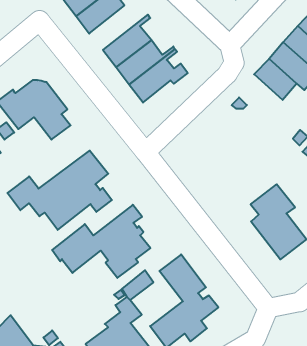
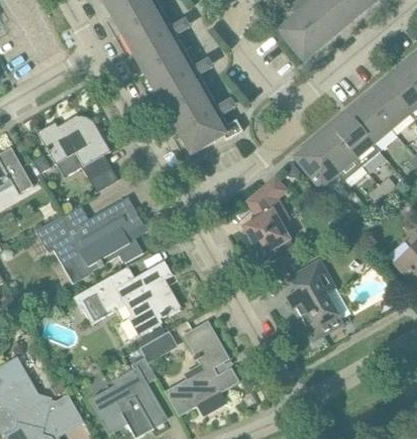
building: none -> [144,49,209,93]
building: none -> [294,141,338,188]
building: none -> [242,177,297,264]

